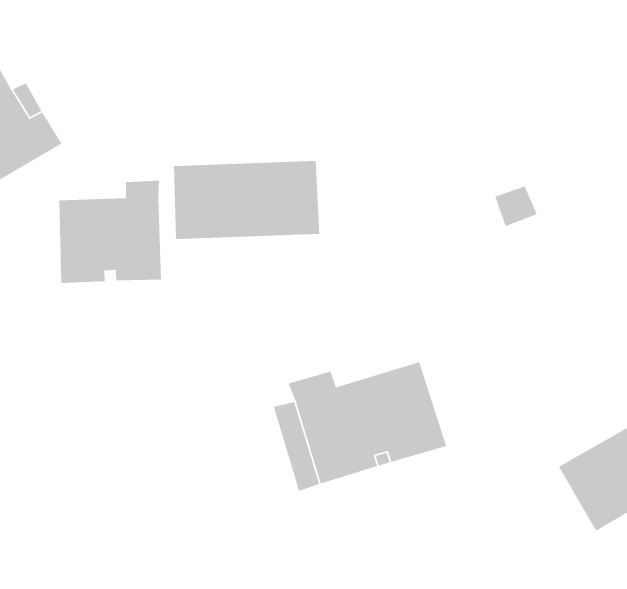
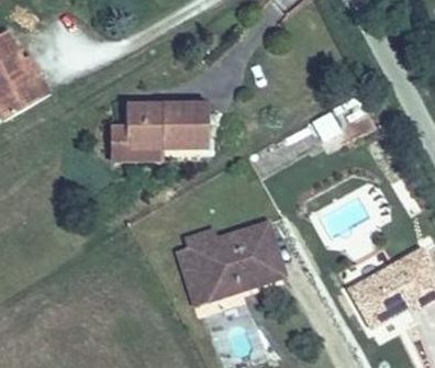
building: [59,180,162,284] -> none

